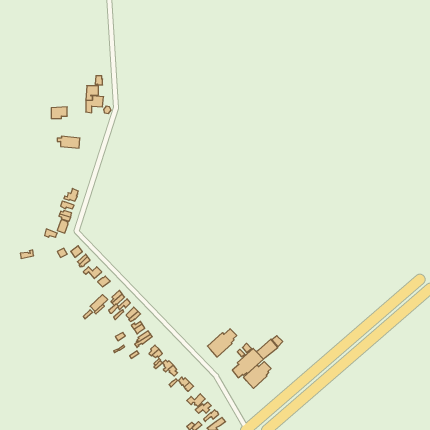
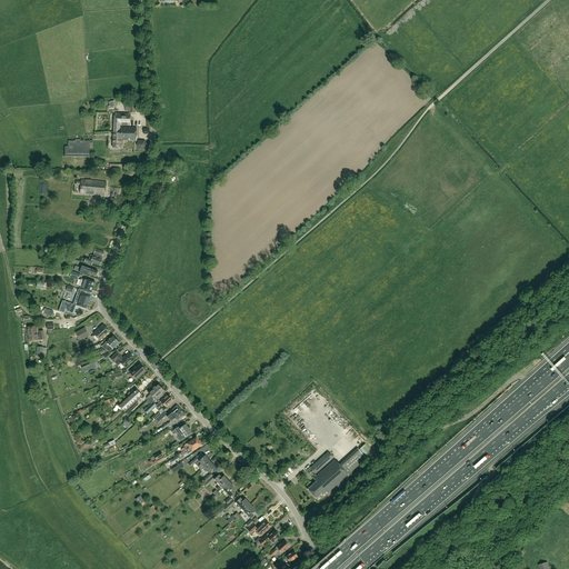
building: [207,329,237,357] -> none
building: [244,362,271,388] -> none

